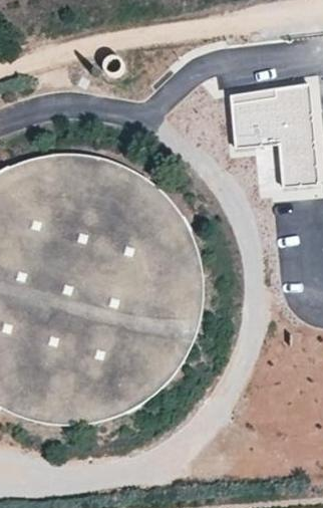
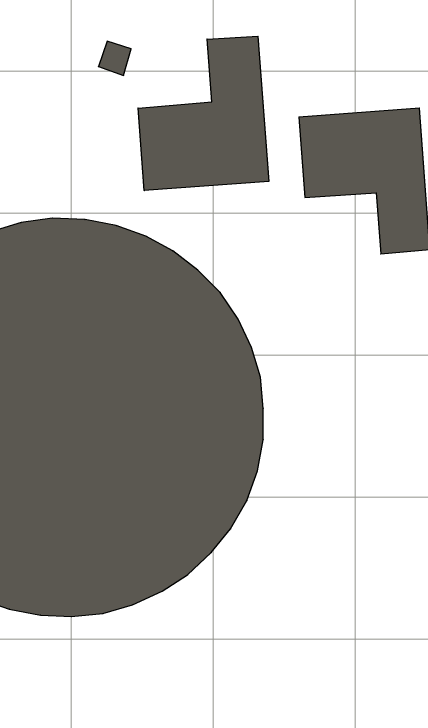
building: none -> [138,36,269,191]

